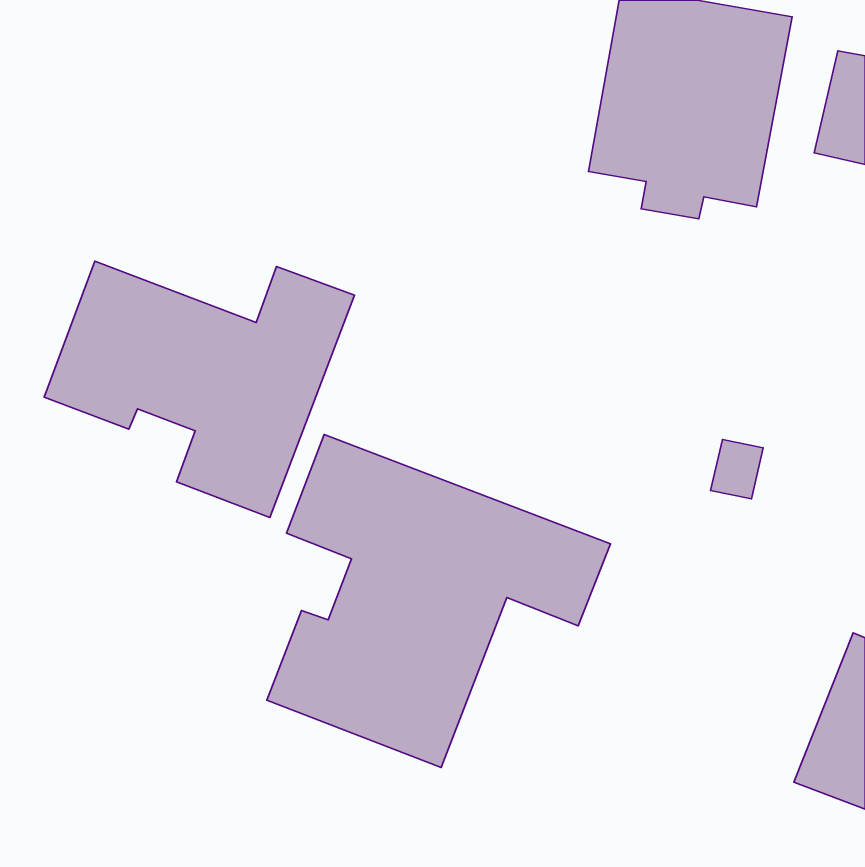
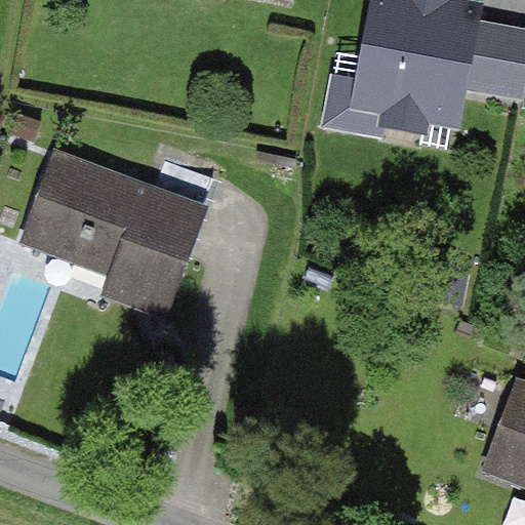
building: [267,435,611,768] -> none

